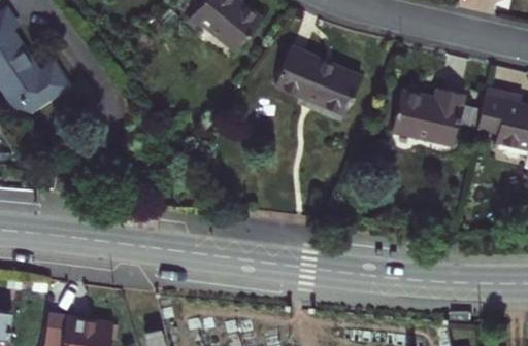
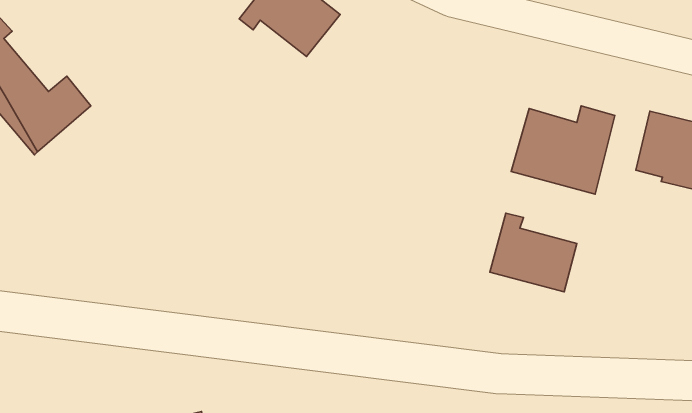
building: [274,47,362,117] -> none
building: none -> [490,213,577,292]

